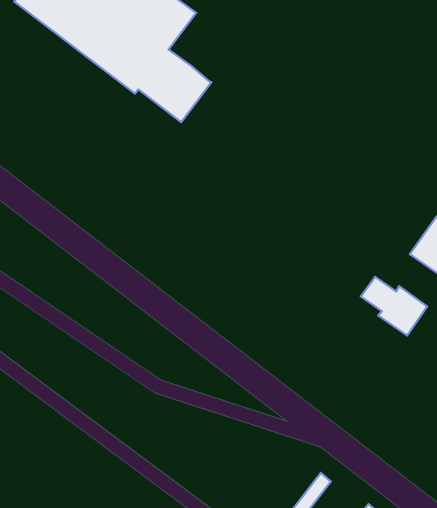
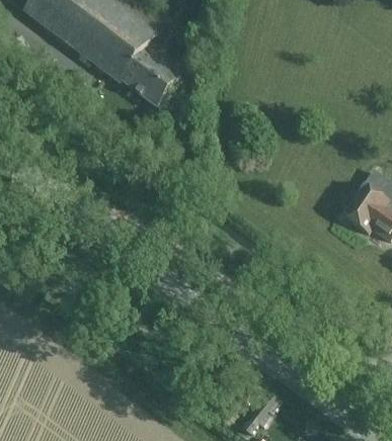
building: [361,277,427,336] -> none

